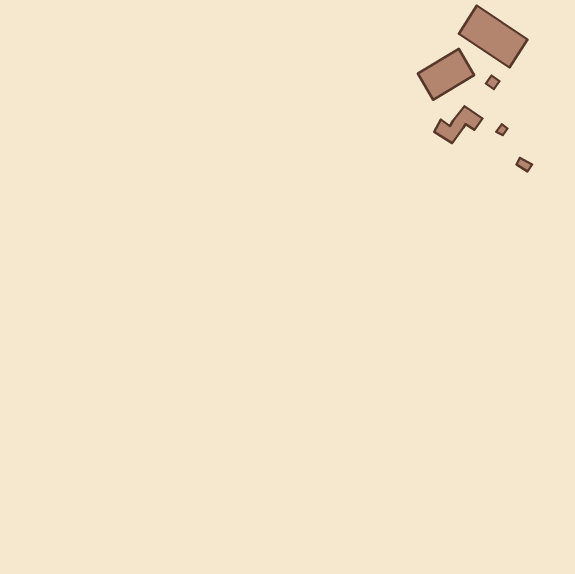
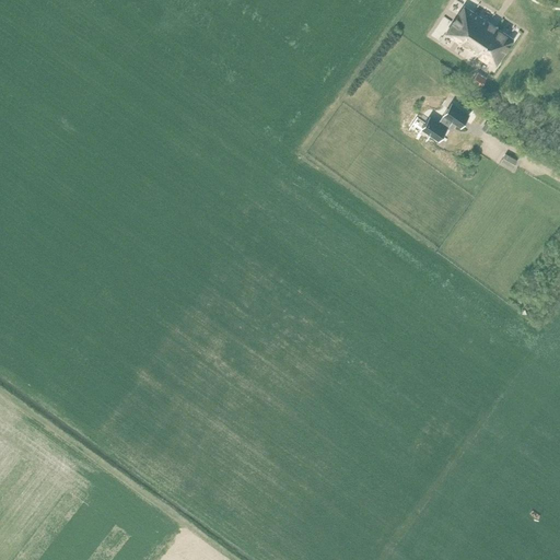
building: [418,49,474,100] -> none

